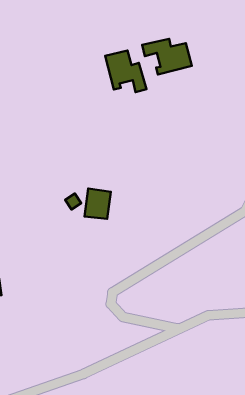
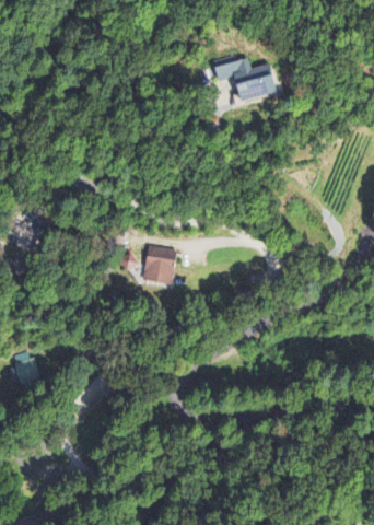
building: [105,50,147,92] -> none

